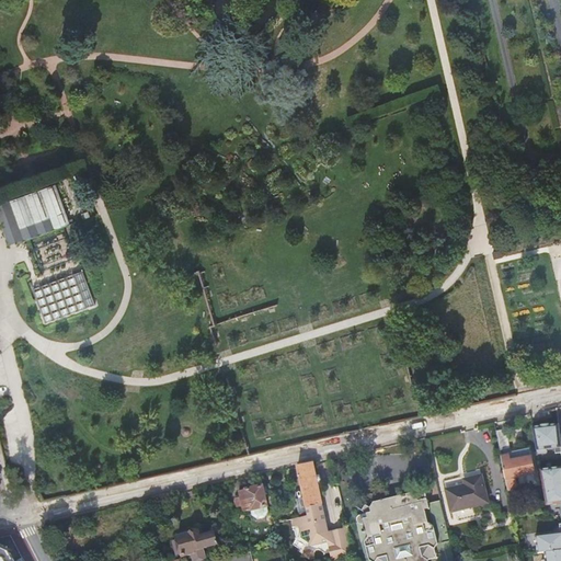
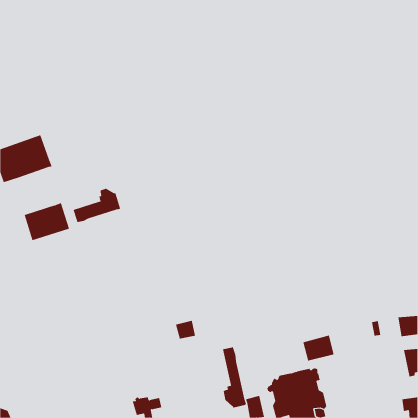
building: none -> [73,188,121,223]
building: [501,455,543,495] -> none
building: [445,476,488,511] -> [302,335,334,361]
building: [239,485,266,511] -> [175,320,196,339]

